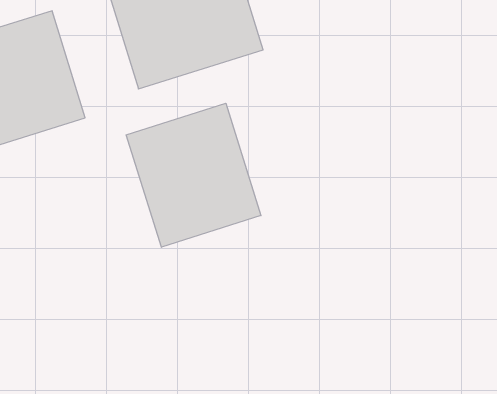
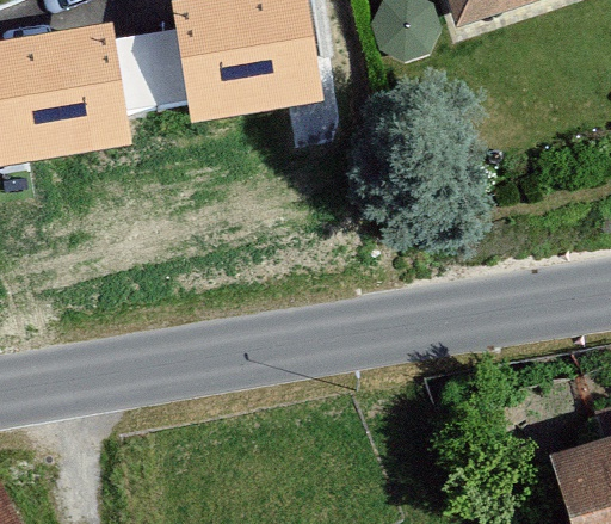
building: [126,103,261,247] -> none

